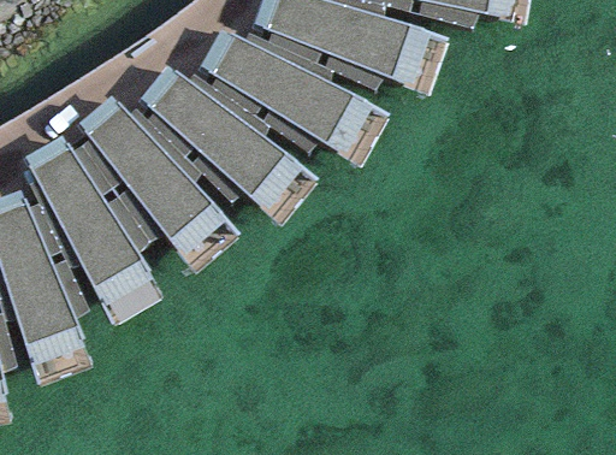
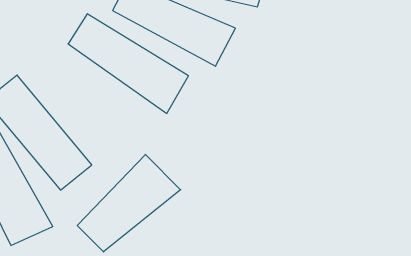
building: [84,93,232,259] -> none
building: none -> [77,154,181,252]

